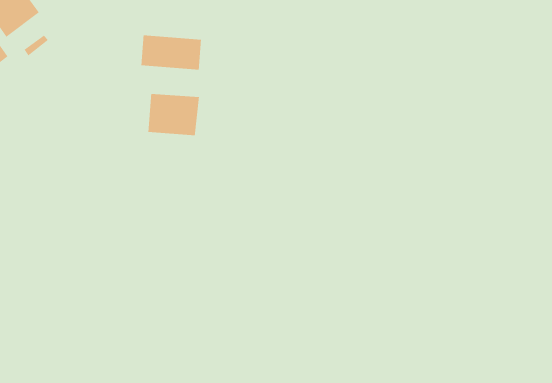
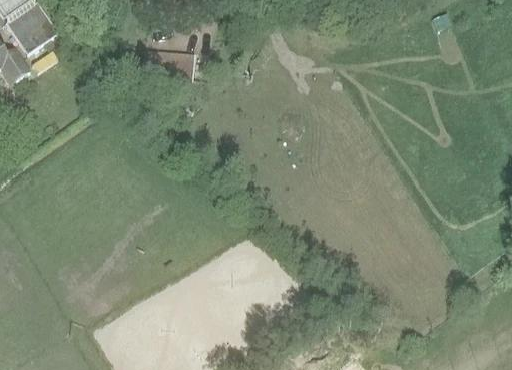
building: [148,93,200,136] -> none

